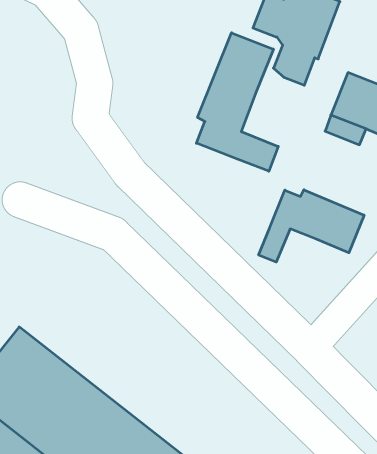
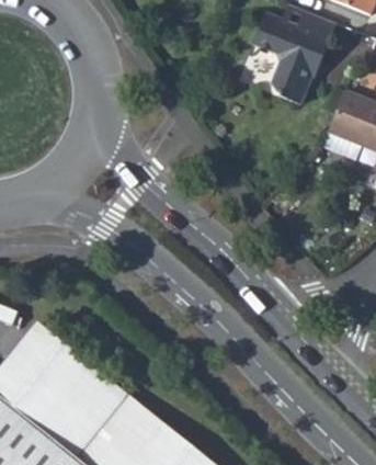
building: [196,33,278,171] -> none
building: [259,190,364,262] -> none

